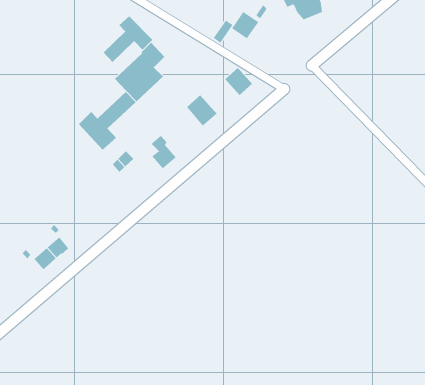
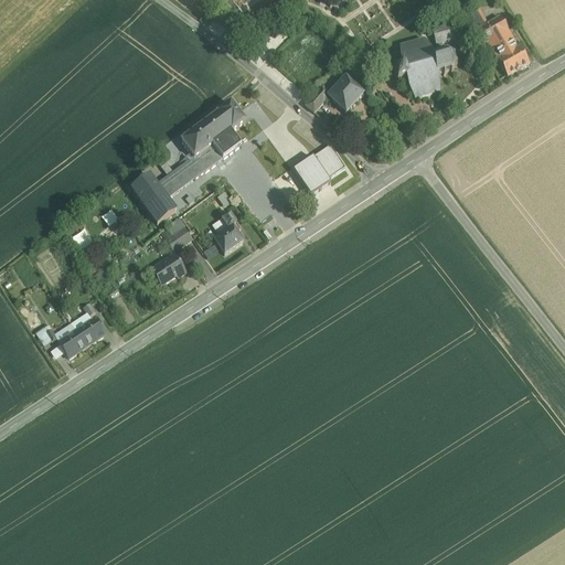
building: [103,15,153,63] -> none
building: [186,94,217,127] -> [295,153,331,192]
building: none -> [151,252,186,282]

